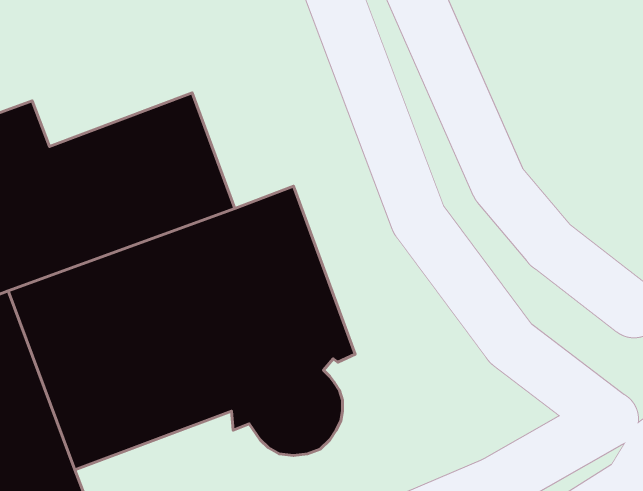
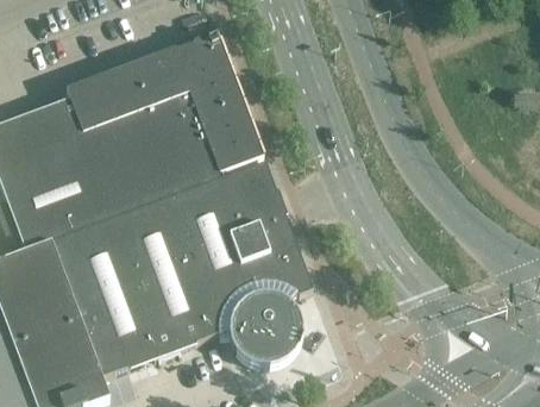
building: none -> [67,31,265,177]

